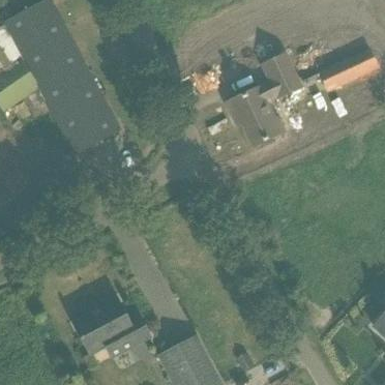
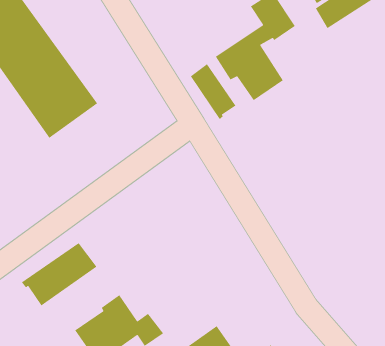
building: none -> [190,63,236,120]
building: none -> [21,242,98,306]

